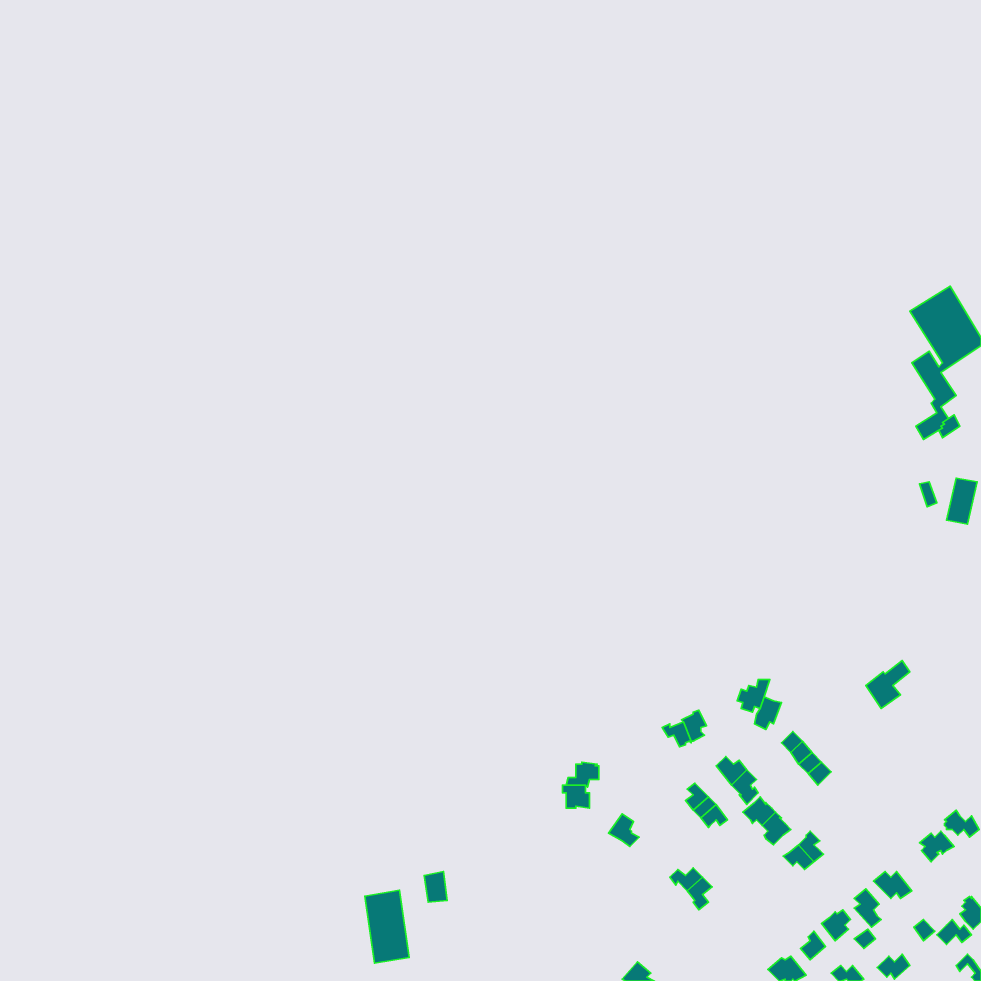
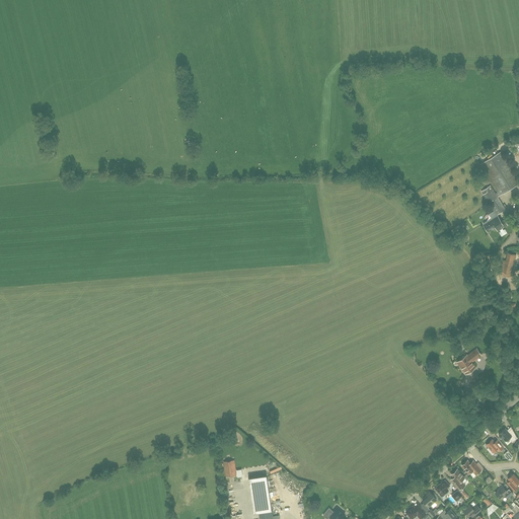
building: [365,890,409,963] -> [248,474,272,513]

